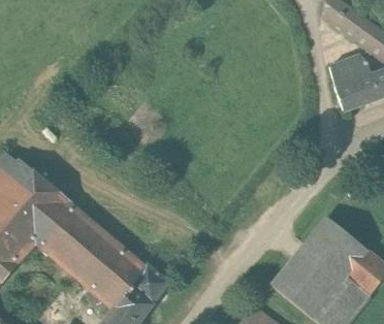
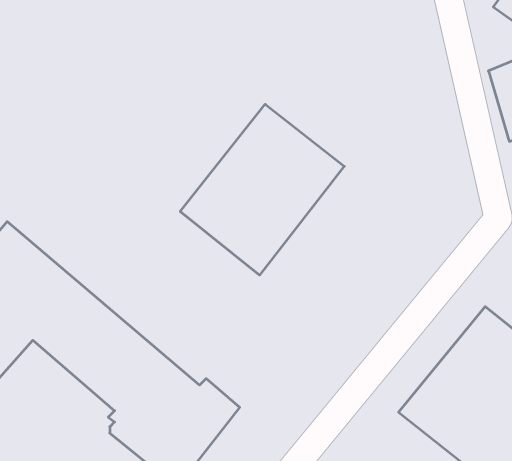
building: none -> [180,104,344,275]

